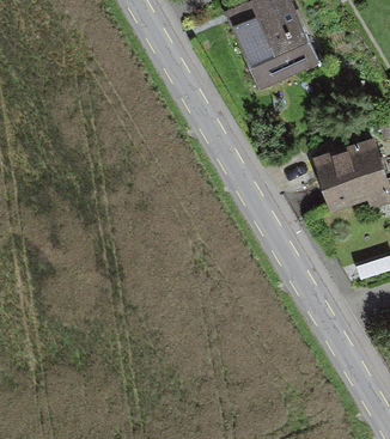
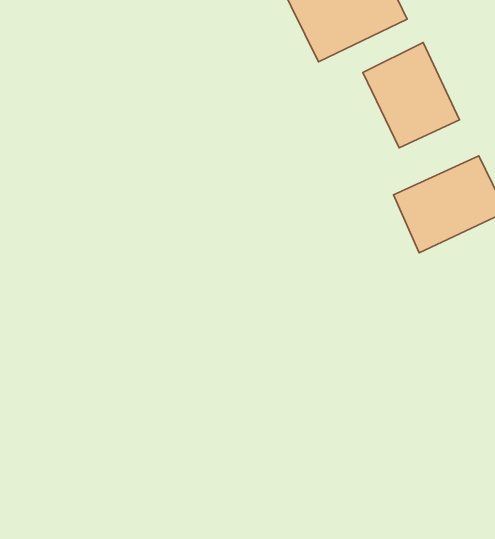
building: none -> [363,43,460,148]

